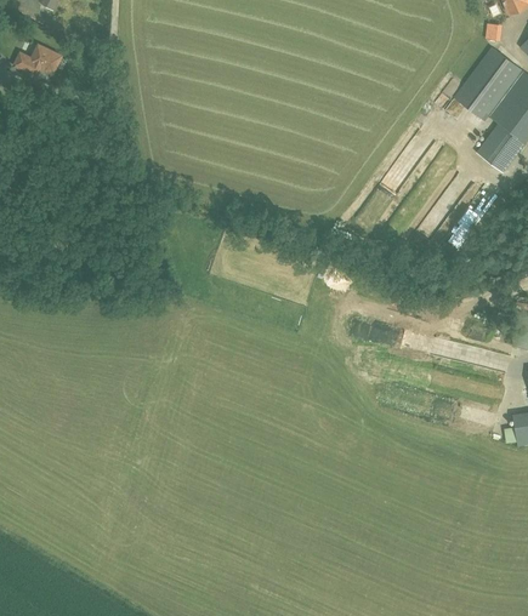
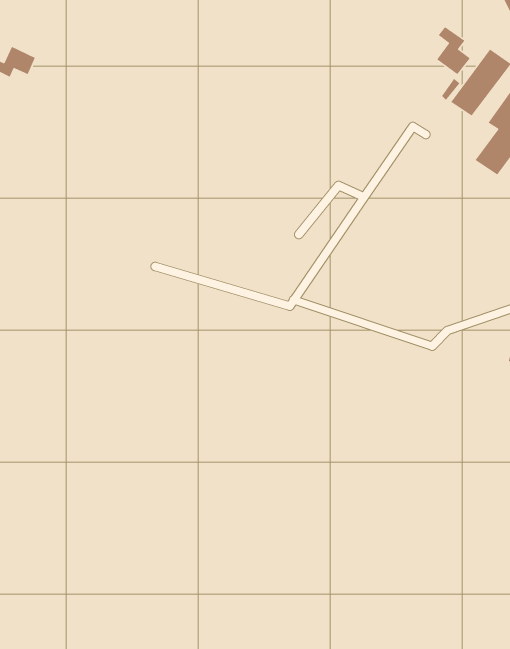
building: none -> [436,26,471,75]

